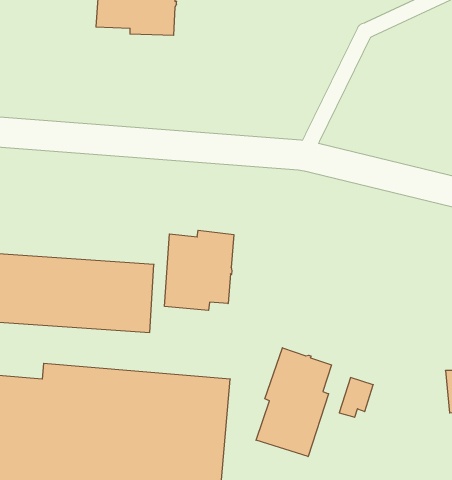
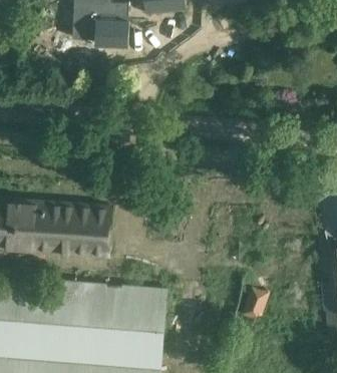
building: [165,230,234,310] -> none
building: [256,348,331,457] -> none

